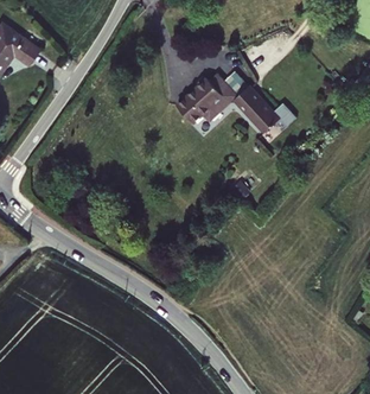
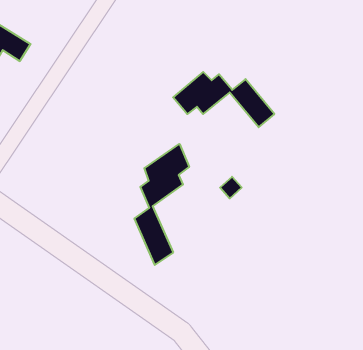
building: none -> [134,144,189,265]

